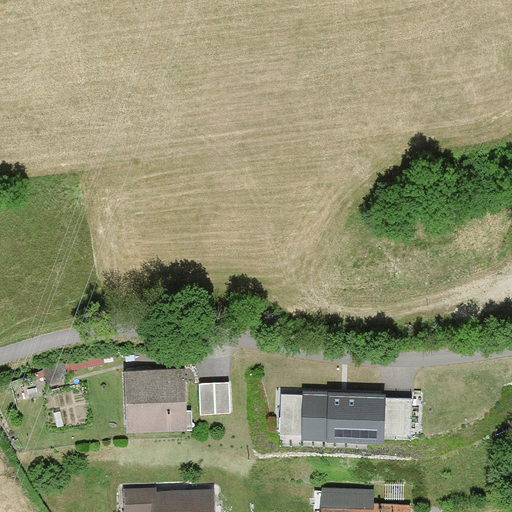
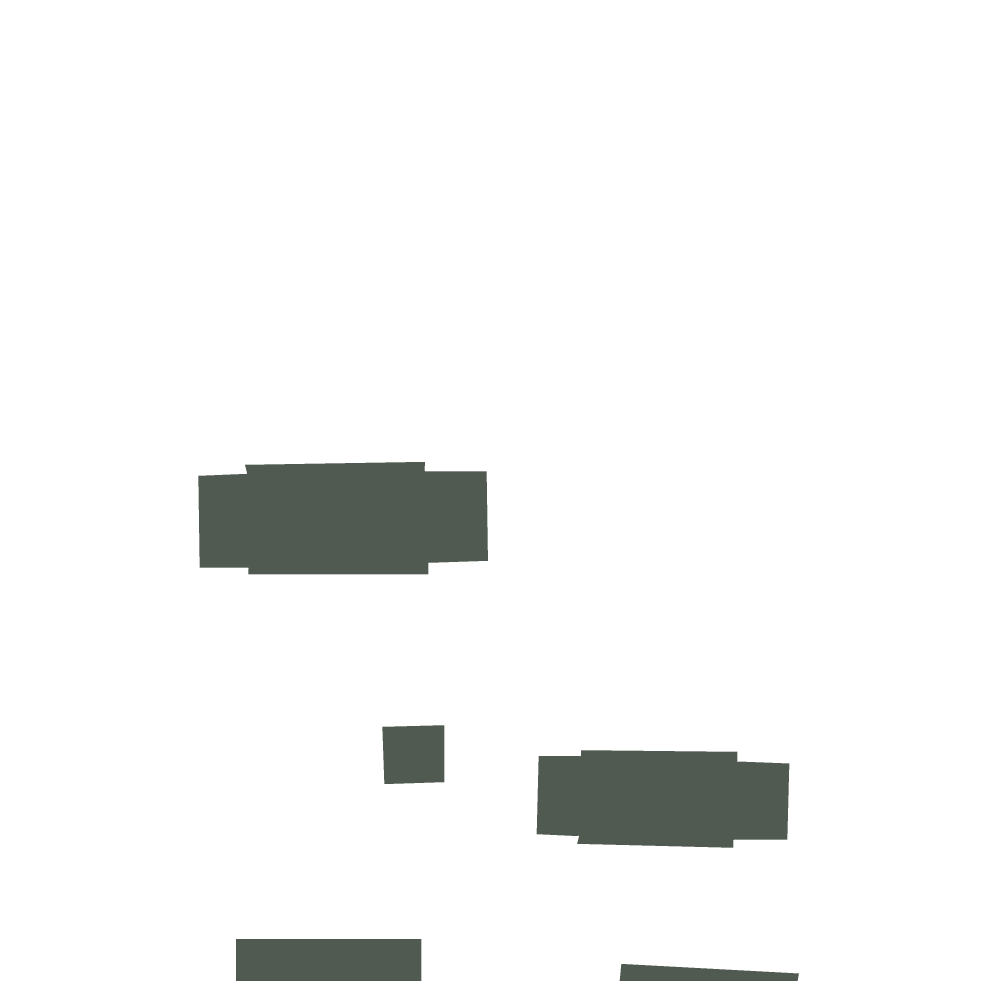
building: none -> [198,461,489,575]
building: [124,369,189,432] -> none

